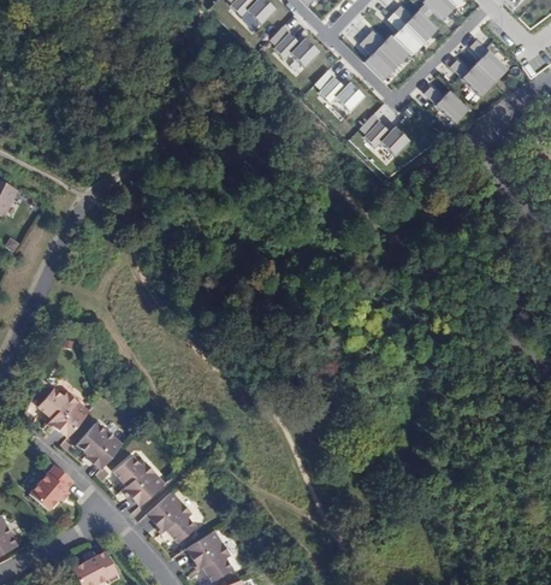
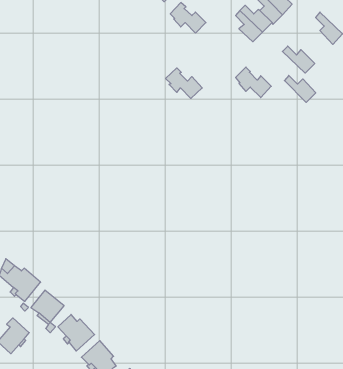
building: [450,59,493,96] -> [284,75,316,102]
building: [313,70,363,112] -> [166,68,202,98]

